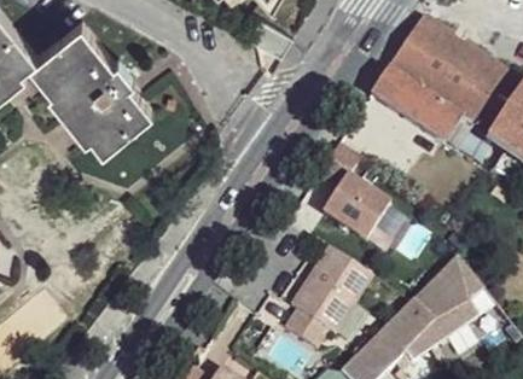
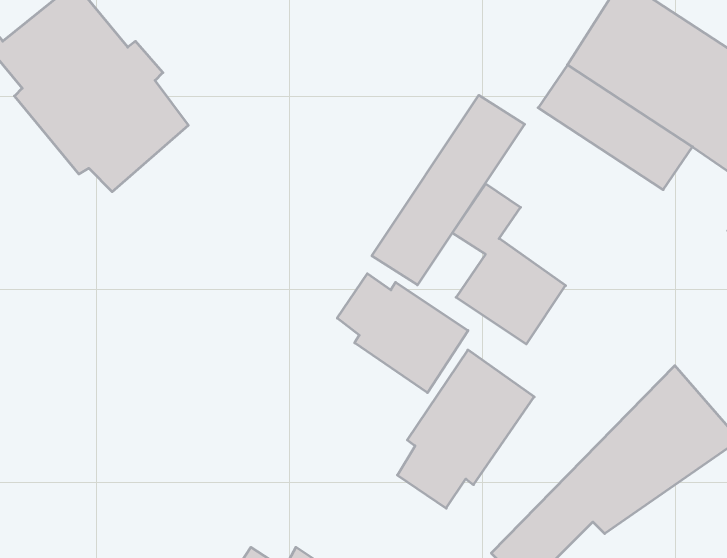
building: none -> [372,95,525,285]
building: none -> [337,274,468,393]

